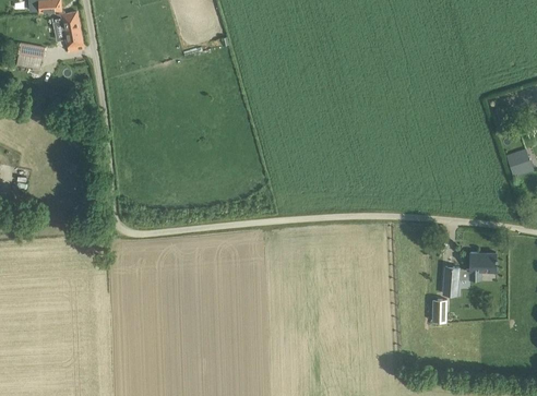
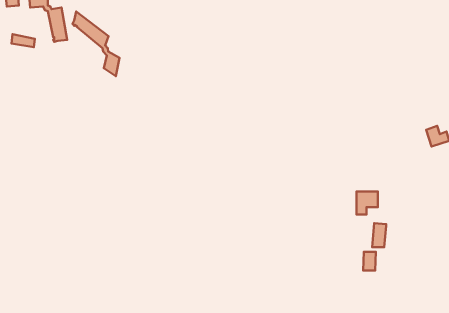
building: none -> [73,12,120,76]
building: [469,253,494,280] -> [356,191,378,215]

